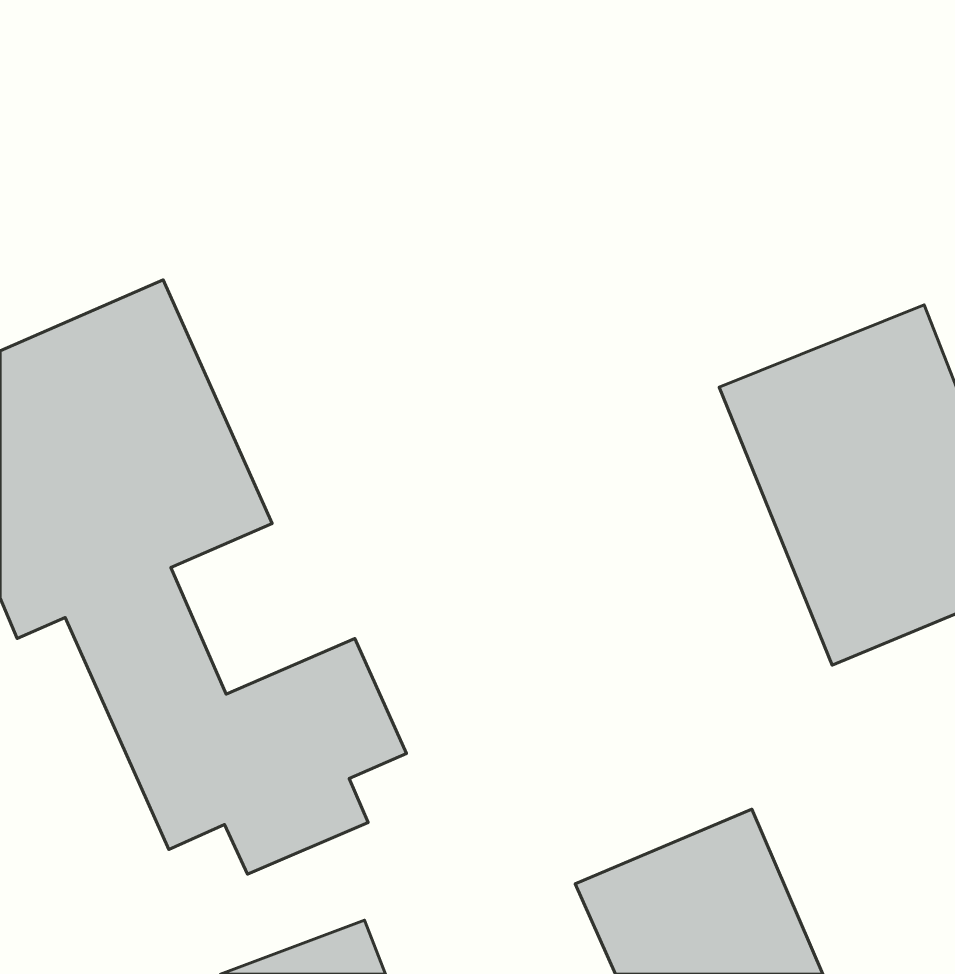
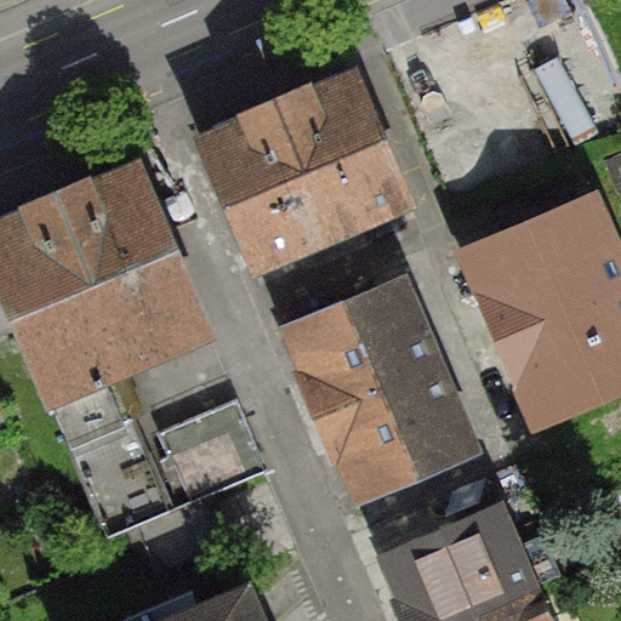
building: none -> [195,69,398,255]
building: none -> [280,281,468,501]

